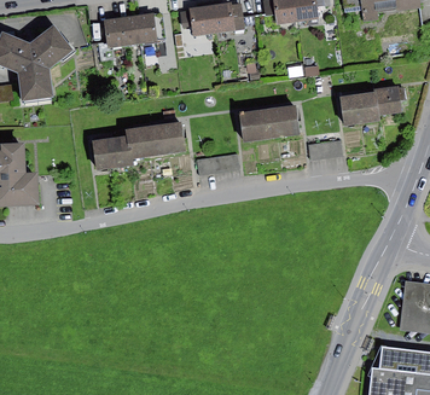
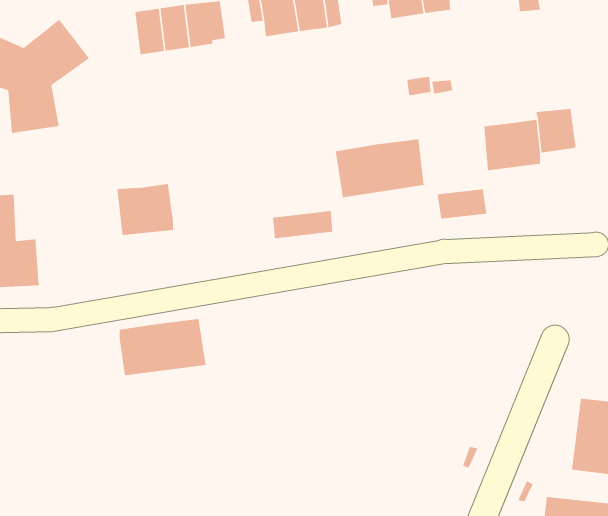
building: [127,122,186,161] -> [119,319,206,376]

